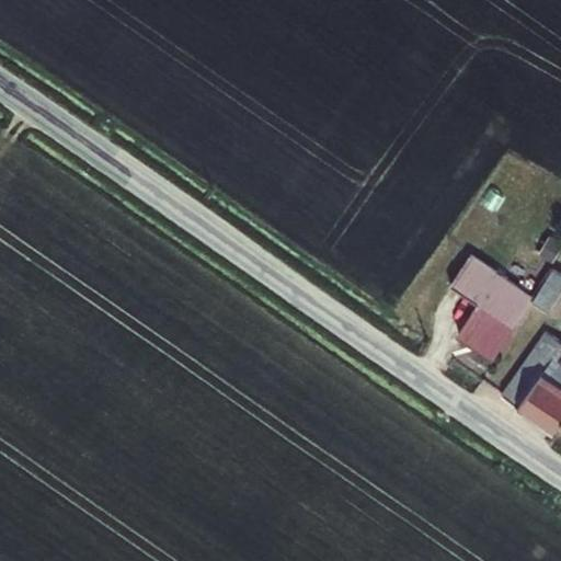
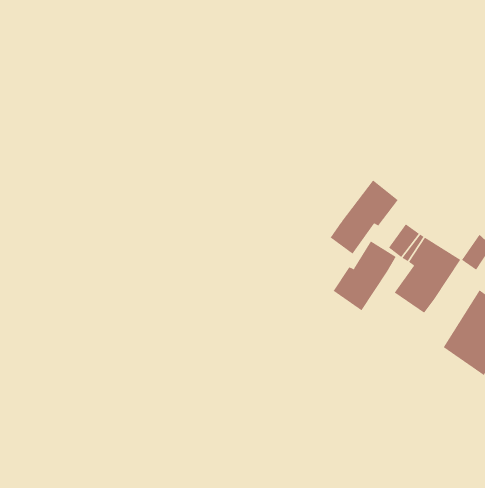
building: none -> [330,179,399,254]
building: none -> [333,241,397,311]

